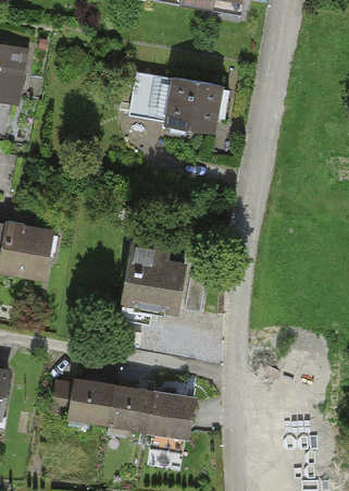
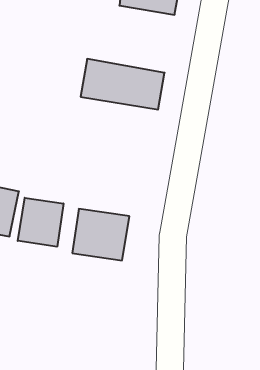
building: none -> [18,198,63,247]
building: [72,381,195,432] -> none

